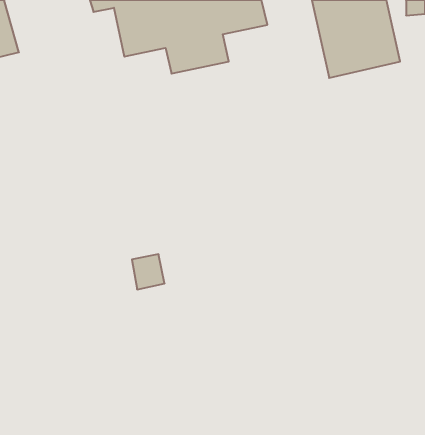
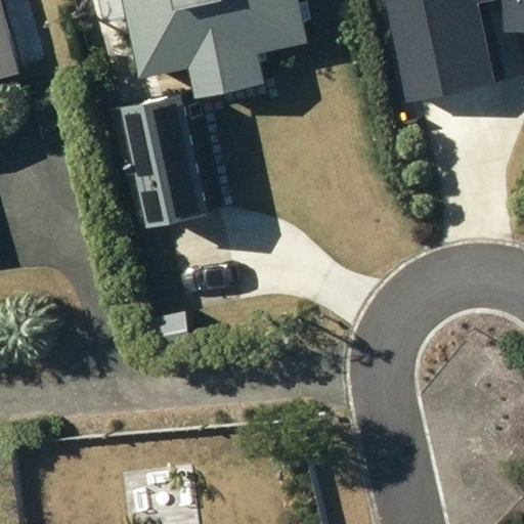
building: none -> [139,83,222,215]

